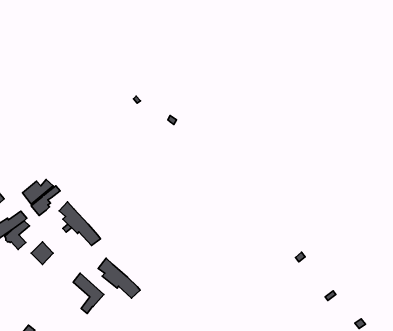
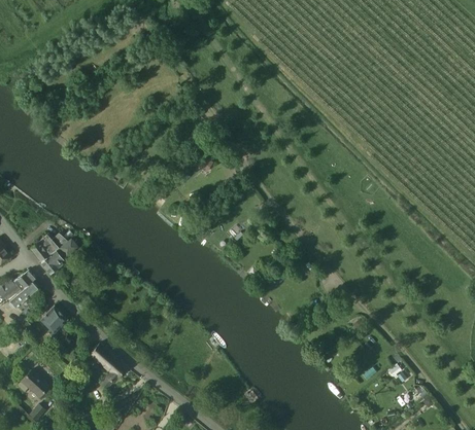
building: [59,202,100,246] -> none
building: [98,258,140,298] -> none
building: none -> [18,370,48,397]

